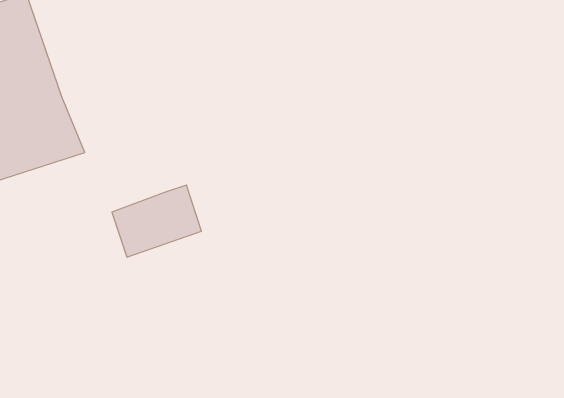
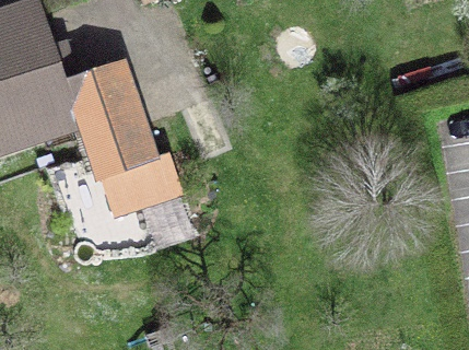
building: none -> [63,68,148,177]

